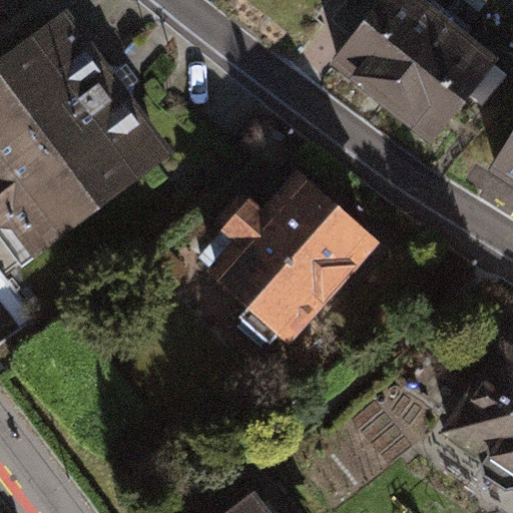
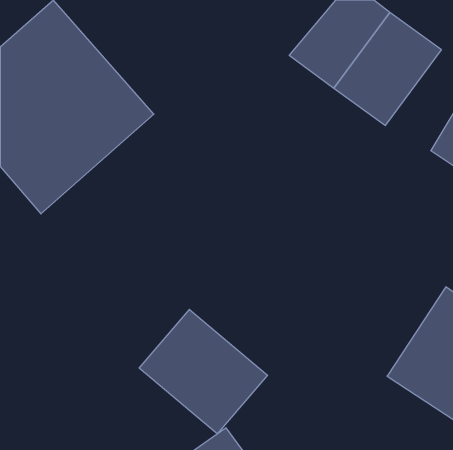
building: [202,172,378,353] -> none
building: none -> [139,309,268,434]

